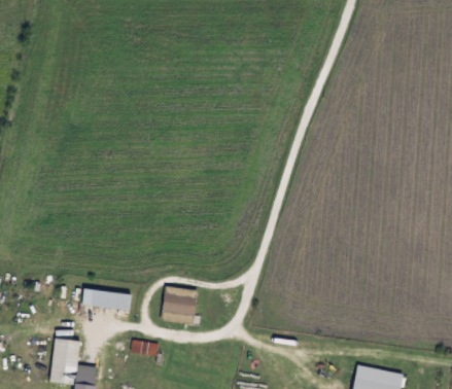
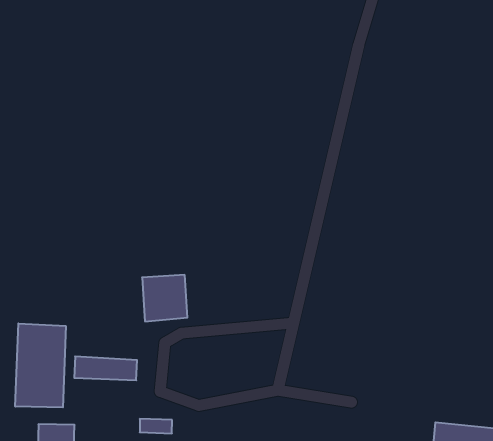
building: none -> [15,323,66,407]
building: [163,288,197,322] -> [142,275,187,321]

